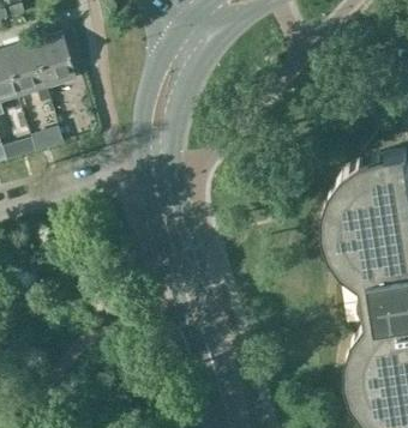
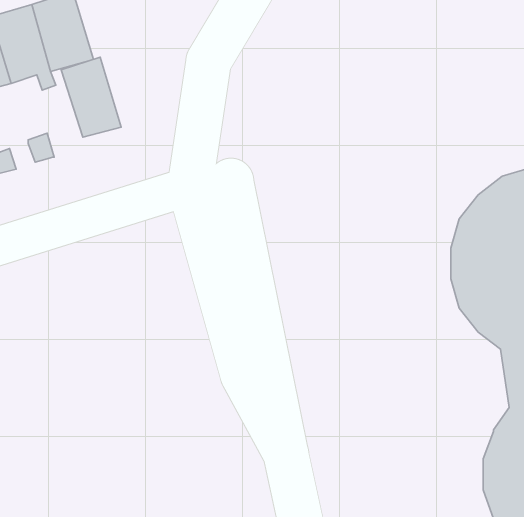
building: none -> [61,57,121,137]

